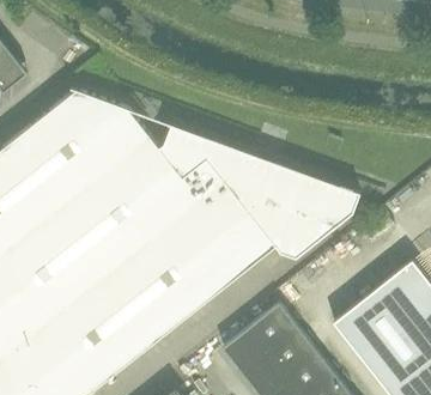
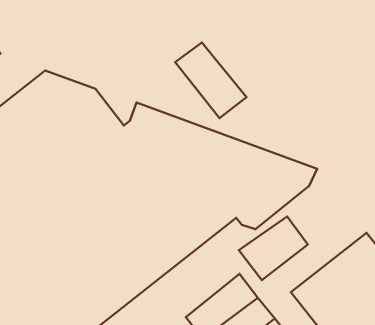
building: none -> [175,42,247,118]
building: none -> [239,217,308,280]

